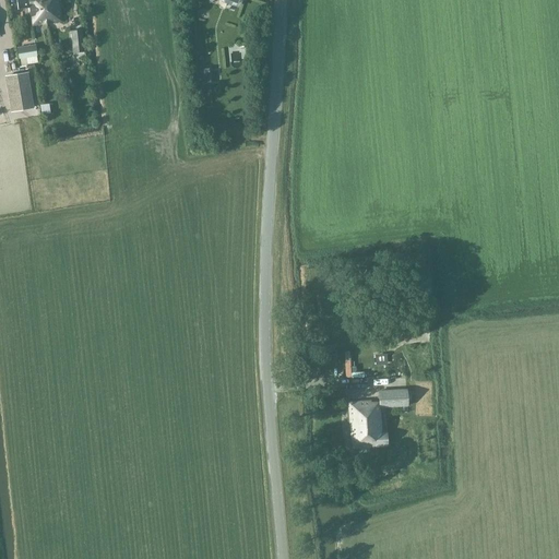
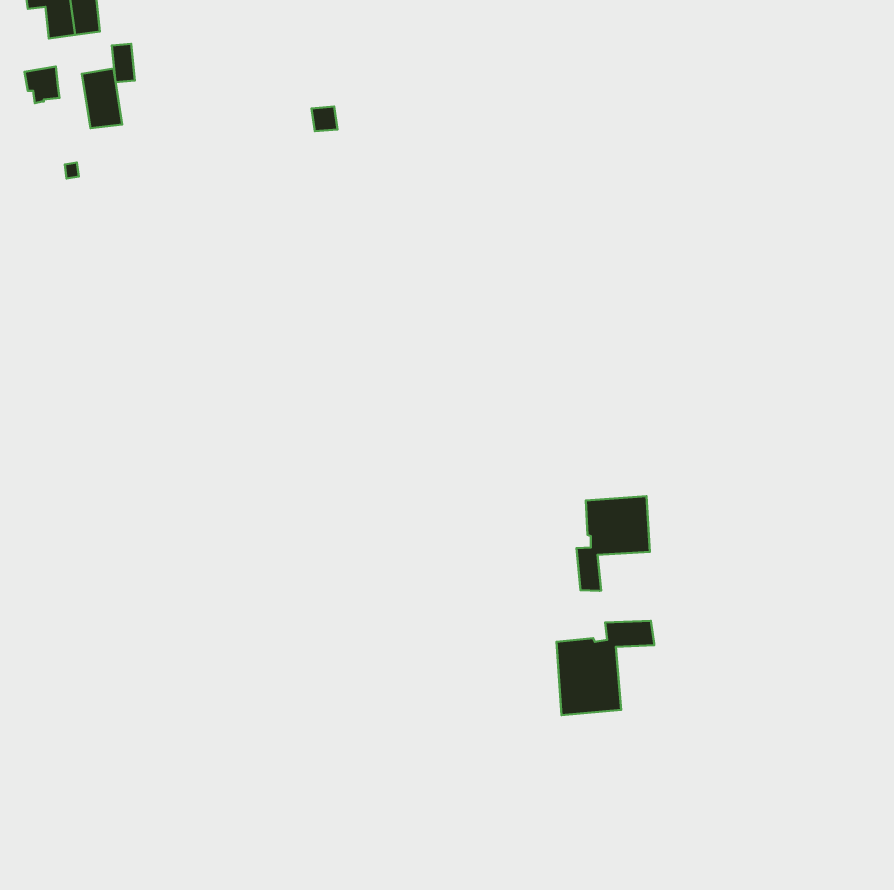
building: [8,71,33,108] -> [82,69,122,128]
building: none -> [576,496,650,591]

